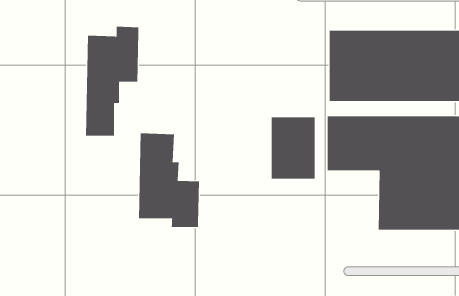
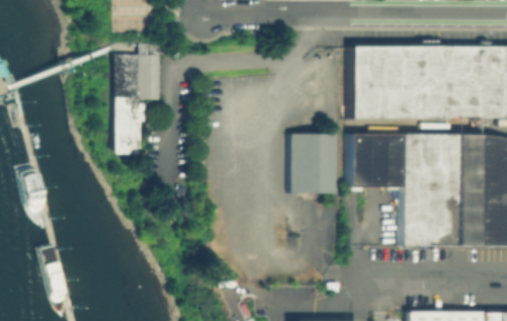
building: [138,133,199,228] -> none

